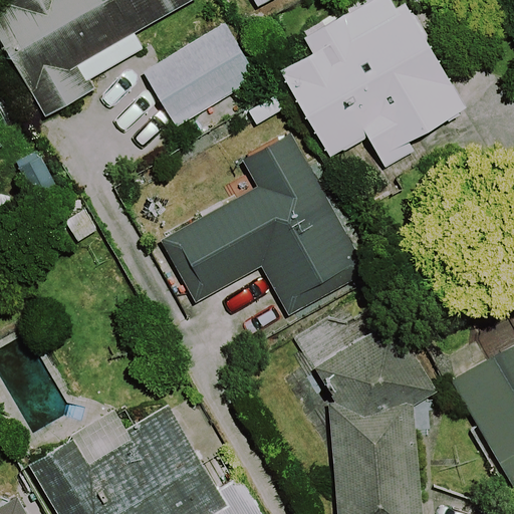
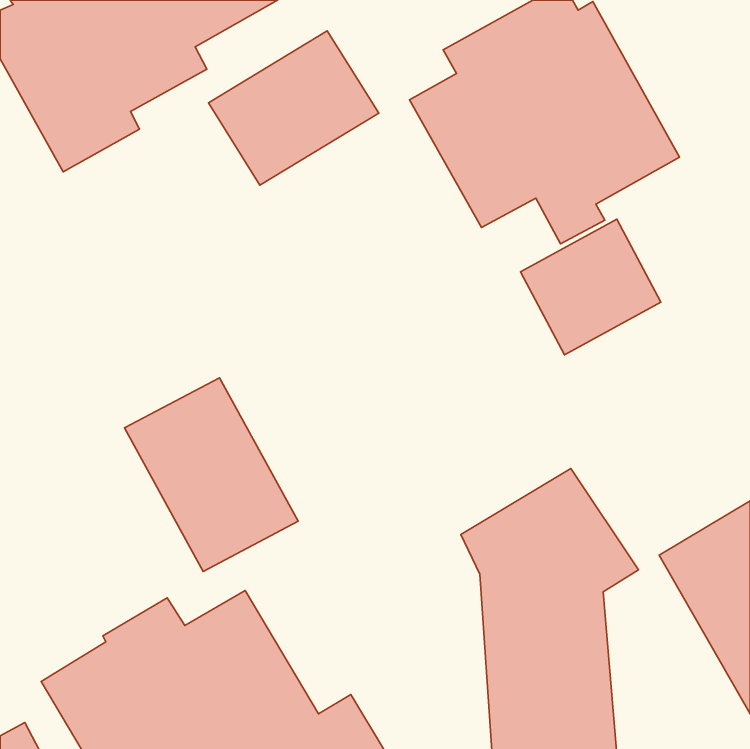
building: [160,133,366,315] -> none
building: none -> [520,219,661,355]
building: none -> [125,378,298,571]

